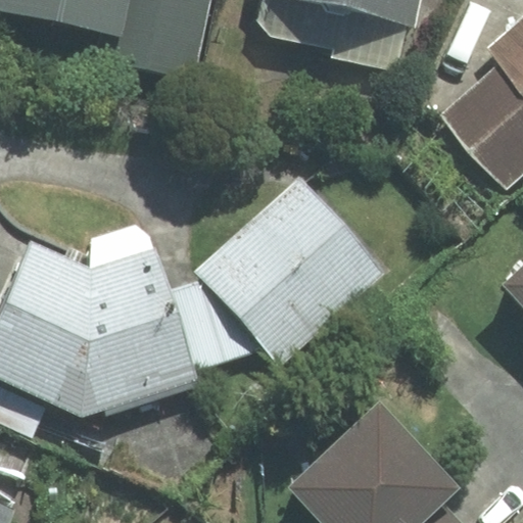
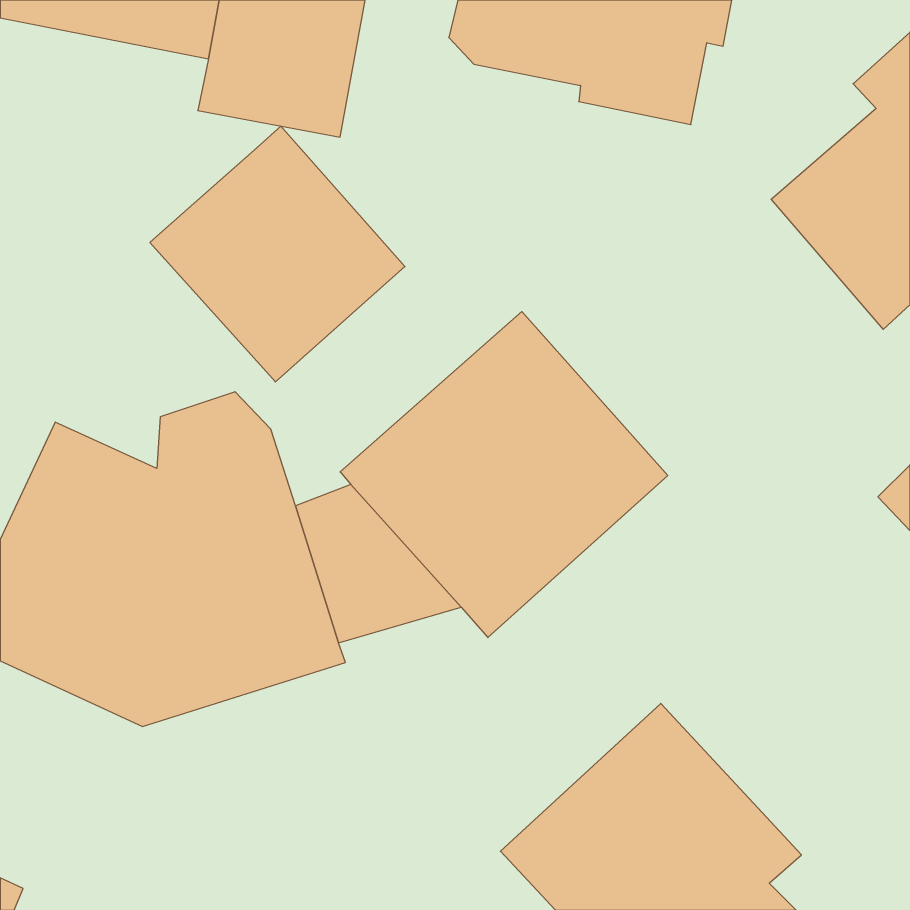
building: none -> [150,126,405,382]

